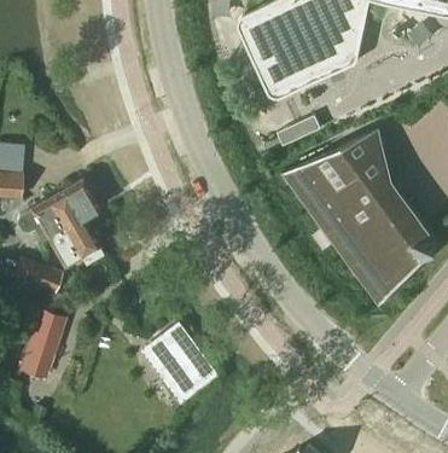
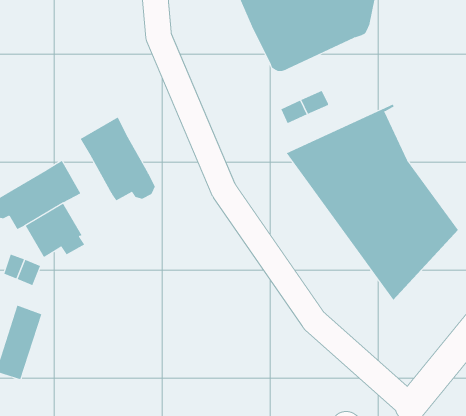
building: none -> [80,117,156,201]
building: [142,318,222,401] -> none

